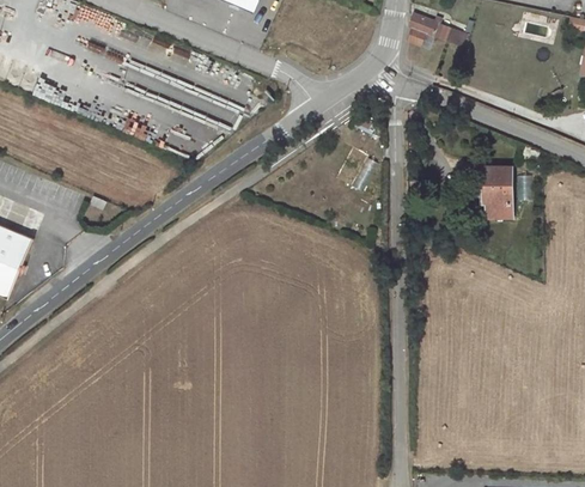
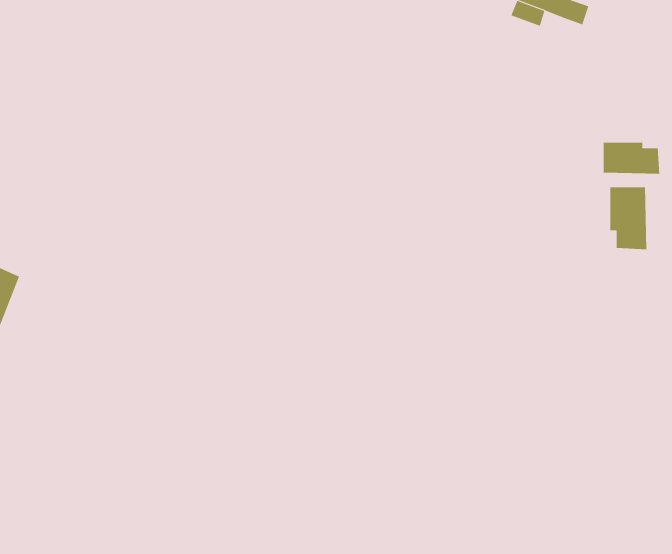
building: none -> [603,142,660,175]

